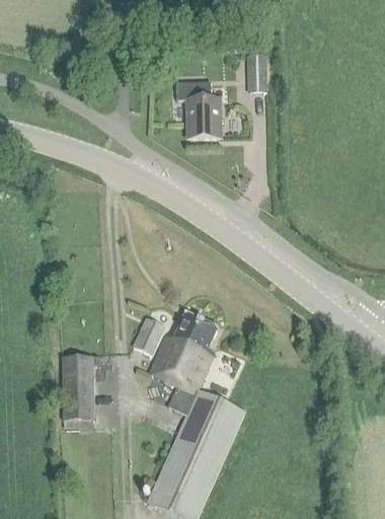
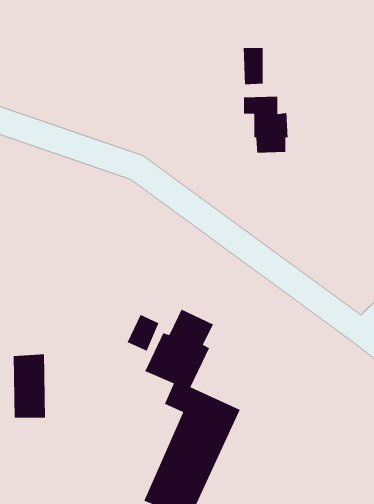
building: [176,81,221,138] -> [243,96,288,153]
building: [62,355,94,419] -> [13,354,46,418]

